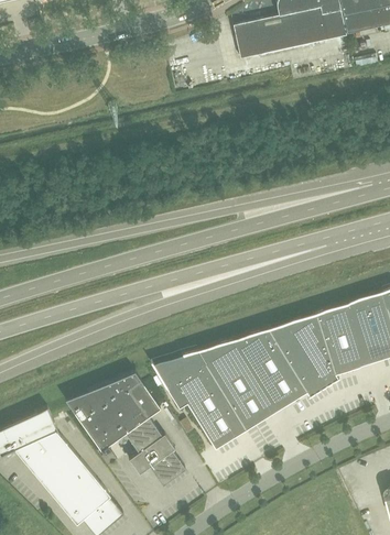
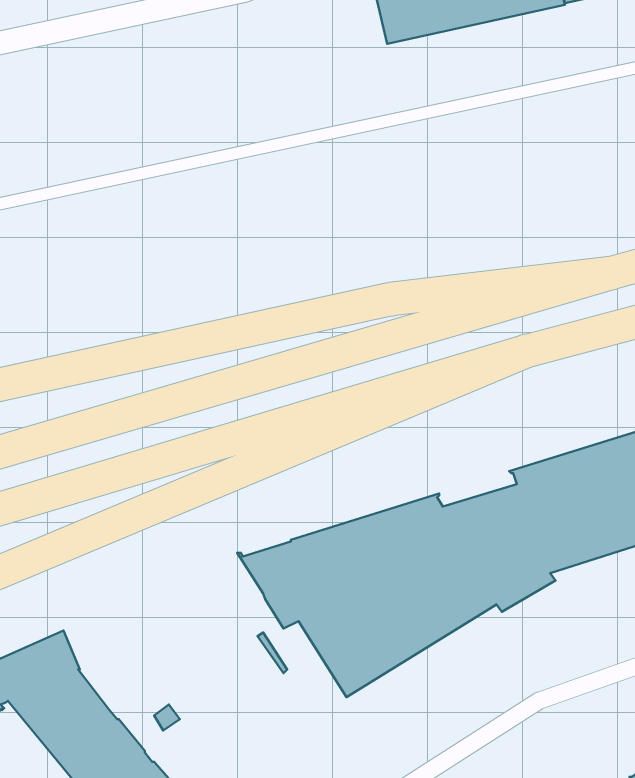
building: [65,372,185,485] -> none

